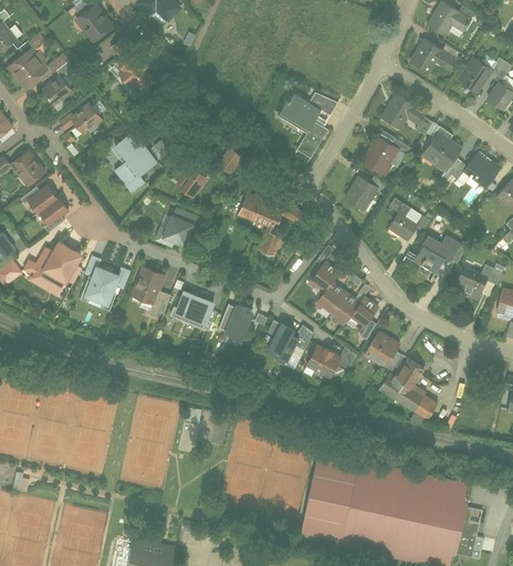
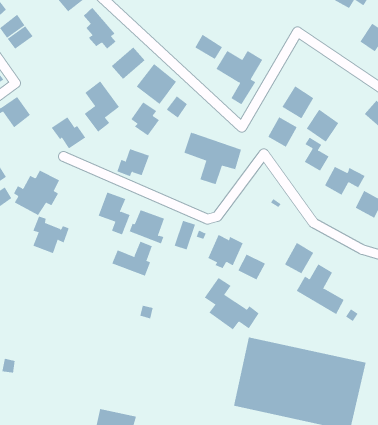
building: [409,39,457,75] -> none
building: none -> [194,34,223,60]
building: [42,74,73,105] -> none
building: none -> [111,47,145,80]
building: [379,92,426,130] -> none
building: [59,102,103,135] -> none
building: none -> [136,63,177,105]
building: [421,129,463,171] -> [306,109,339,143]
building: [27,184,71,224] -> [51,116,86,149]
building: [84,255,130,303] -> [32,216,70,254]
building: [307,259,377,325] -> [204,277,260,330]
building: none -> [112,241,153,276]

